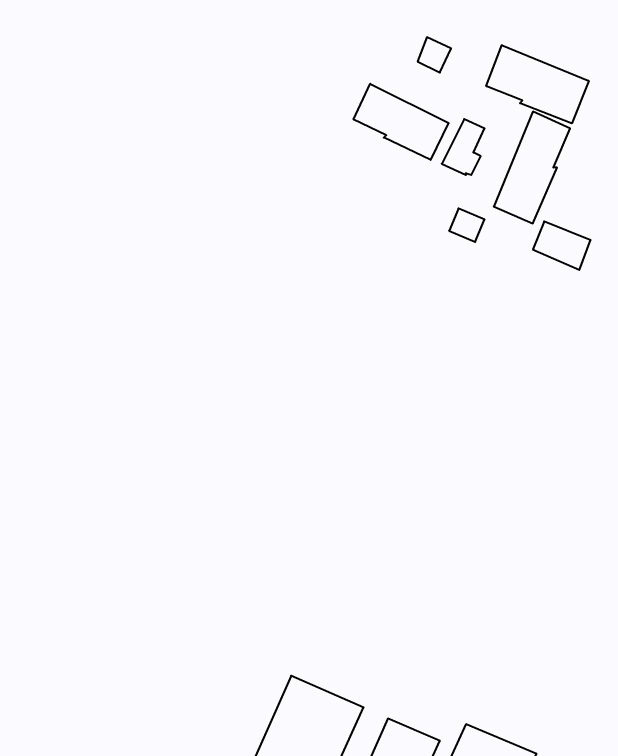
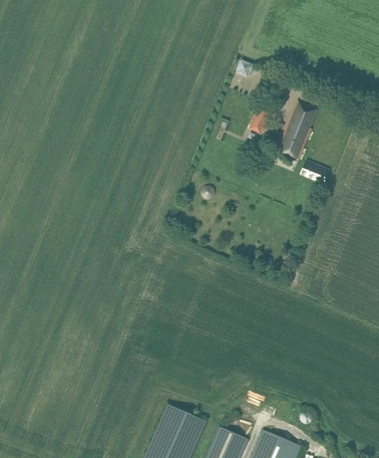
building: [486,45,589,123] -> none
building: [354,84,449,160] -> none

